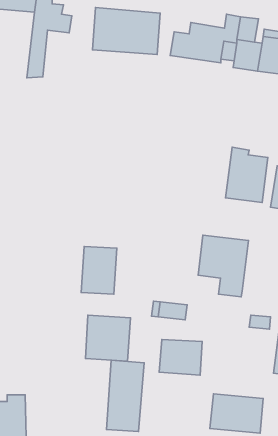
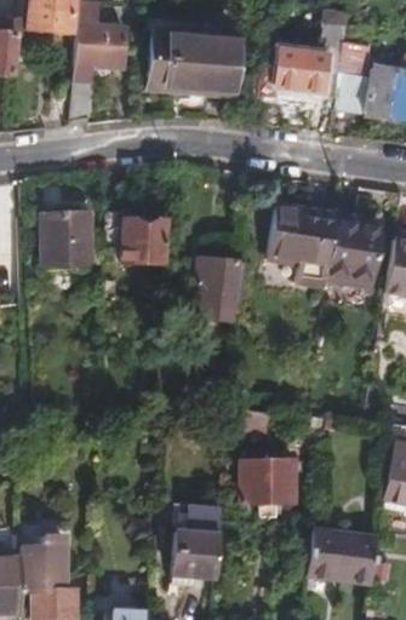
building: none -> [107,207,166,260]
building: none -> [46,208,93,262]
building: [198,235,249,297] -> [270,203,336,283]
building: [81,246,117,294] -> [193,256,239,317]
building: [85,315,131,361] -> none

